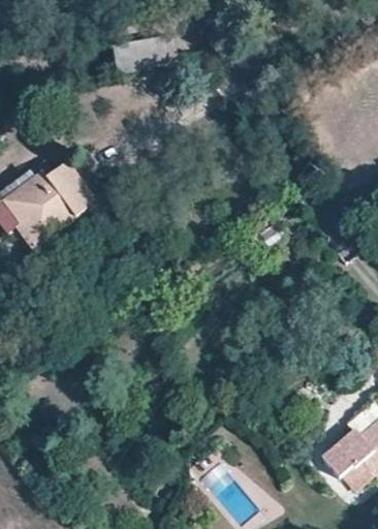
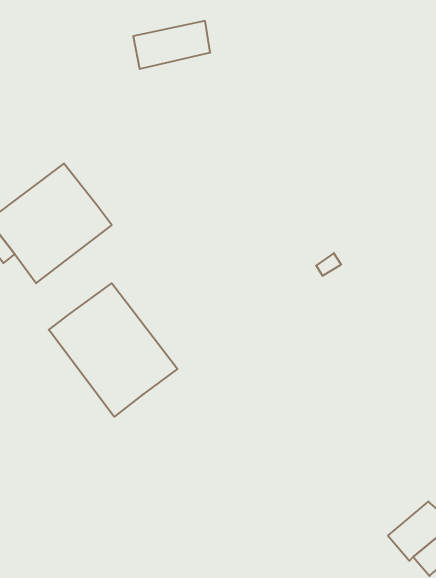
building: none -> [49,283,177,417]

